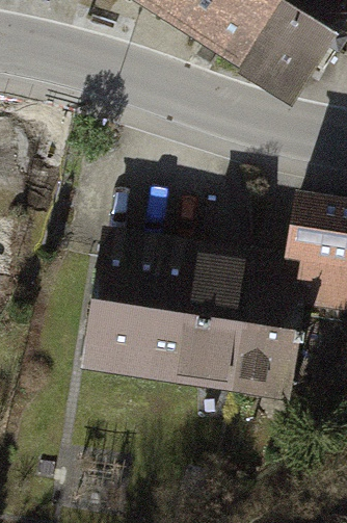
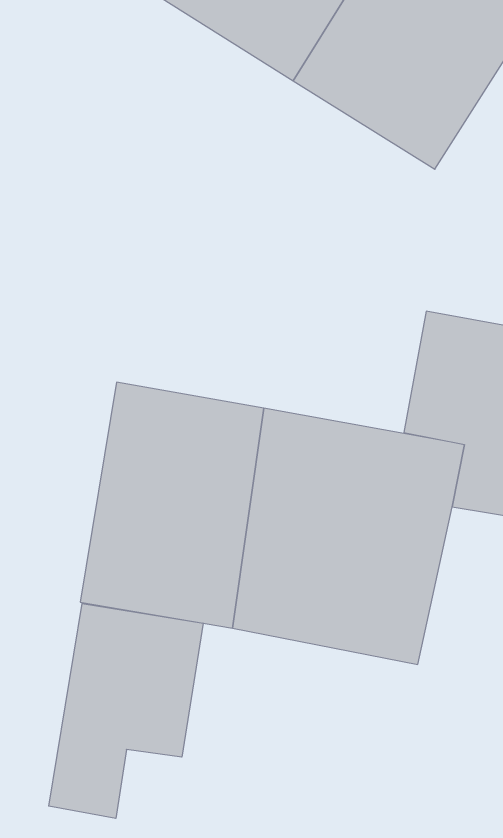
building: none -> [49,603,203,818]

